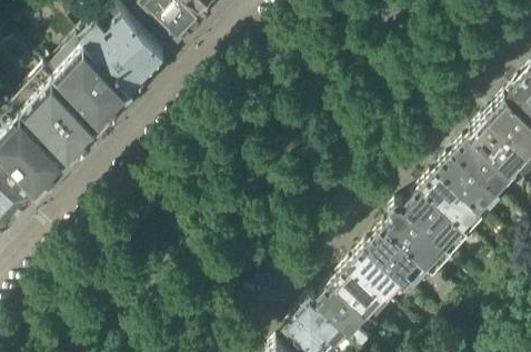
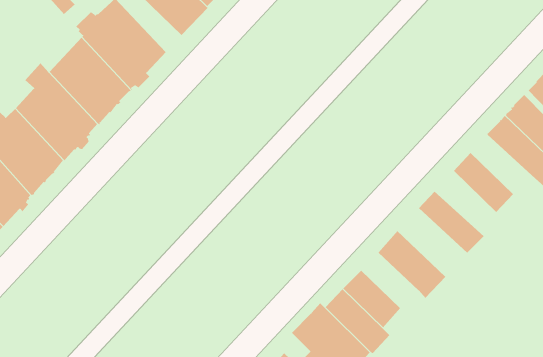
building: [453,137,511,193] -> none
building: [419,171,483,233] -> none
building: [383,205,450,273] -> none
building: [349,249,403,302] -> none

